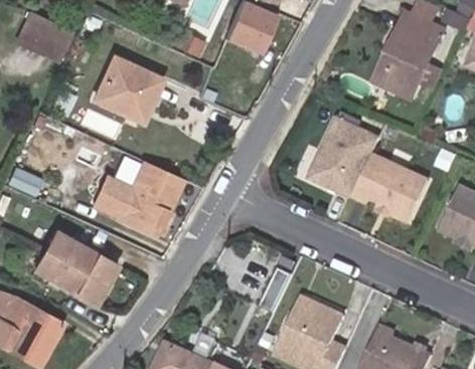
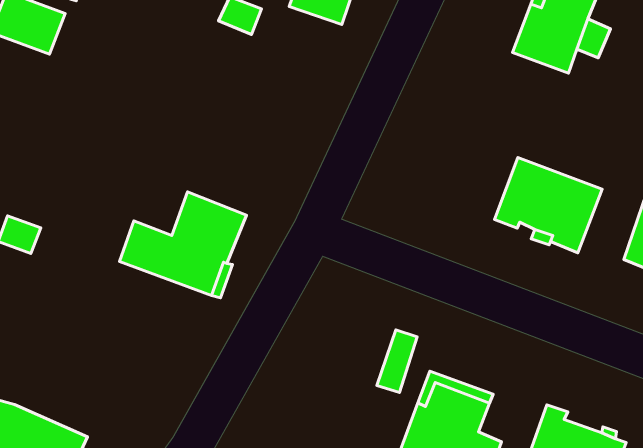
building: [93,56,161,122] -> none
building: [309,118,379,197] -> none
building: [33,230,117,304] -> none

